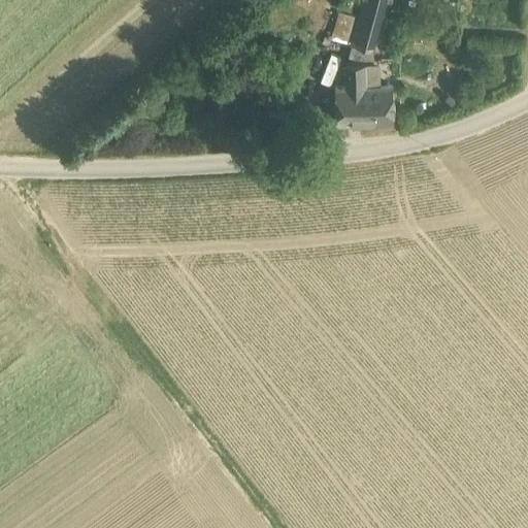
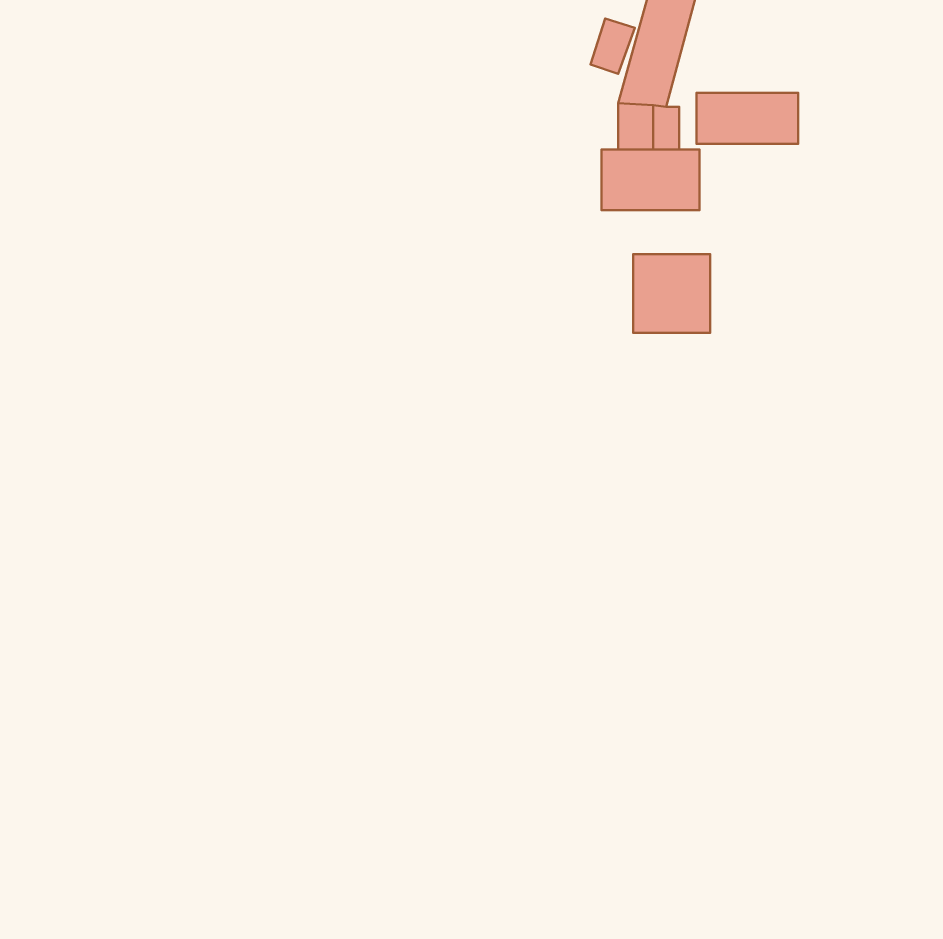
building: none -> [696,93,798,144]
building: none -> [633,254,710,333]

